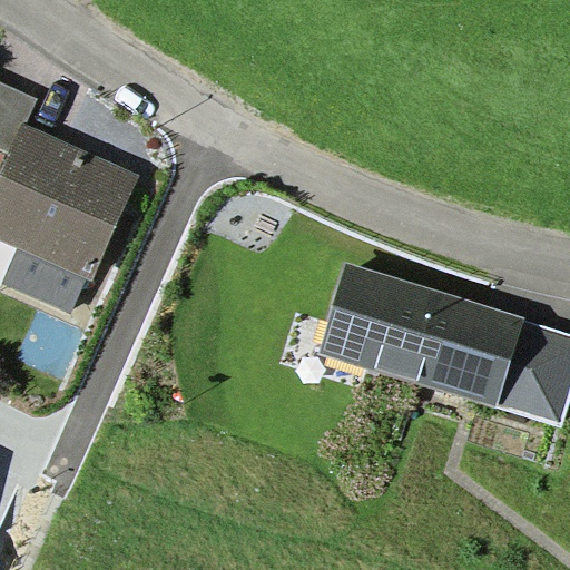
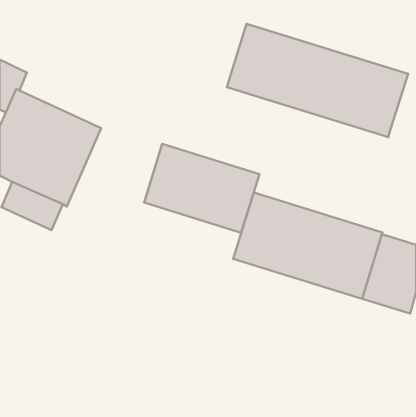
building: none -> [227,24,408,137]
building: none -> [144,144,260,233]

